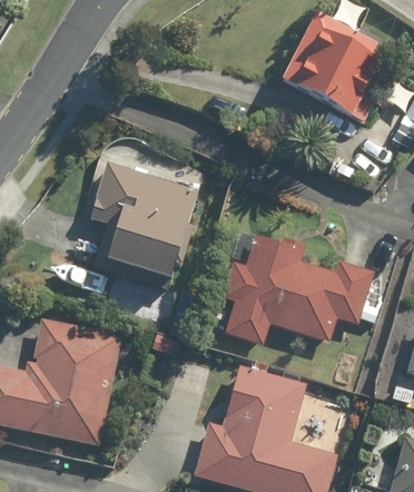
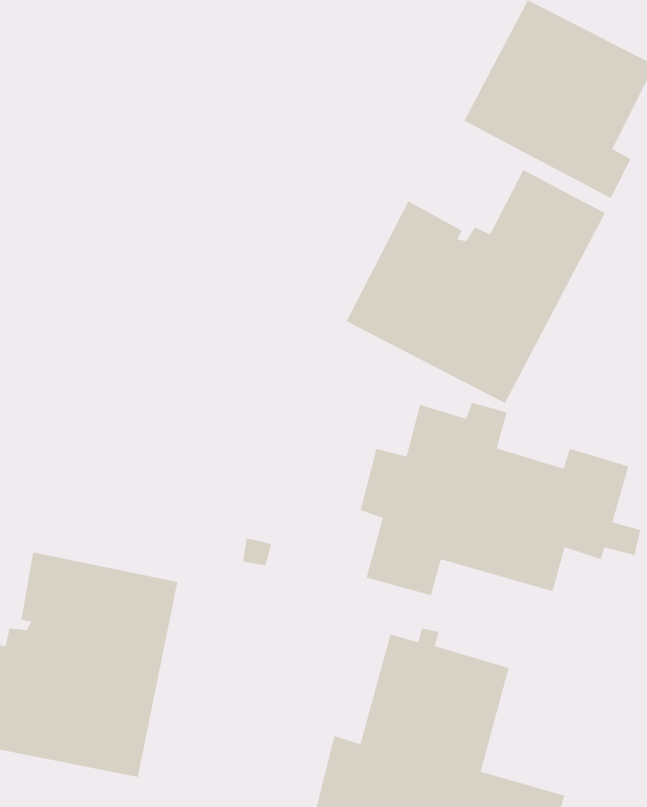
building: none -> [346,169,606,404]
building: [90,161,199,289] -> none

